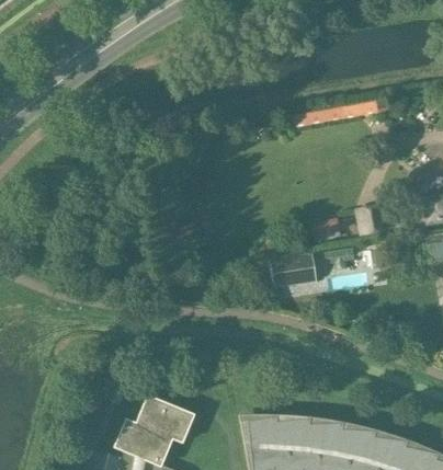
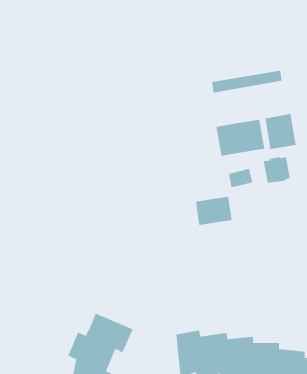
building: none -> [265,113,296,150]
building: none -> [216,119,265,157]

